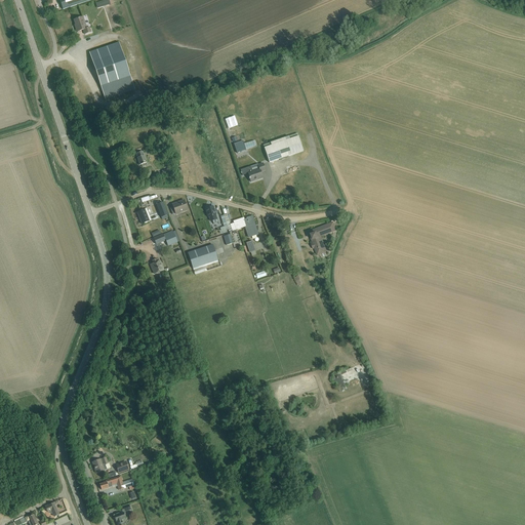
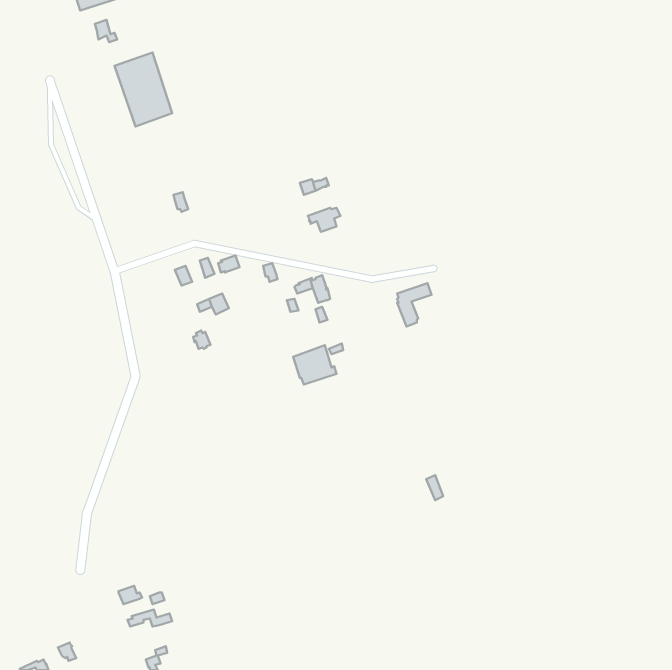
building: [265,134,304,161] -> none
building: [188,243,221,274] -> [293,345,337,384]

